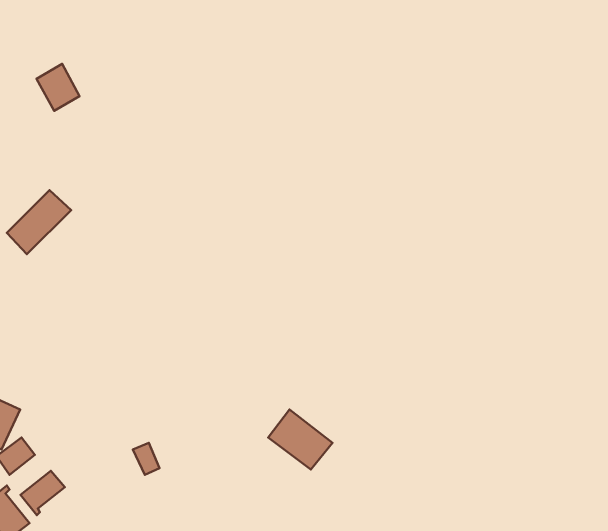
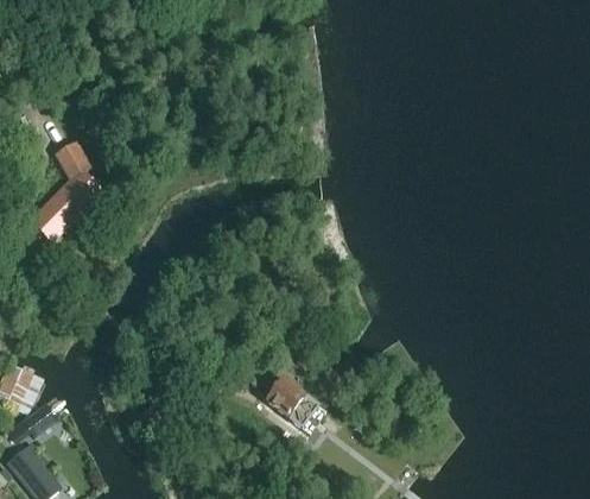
building: [37,64,79,111] -> [56,141,94,183]
building: [20,471,65,515] -> none

